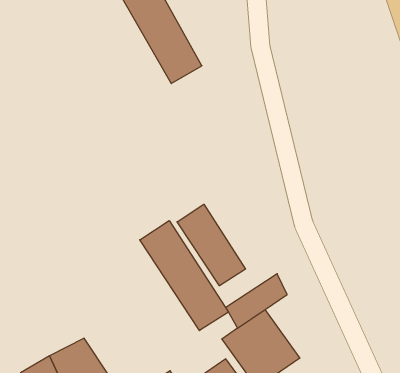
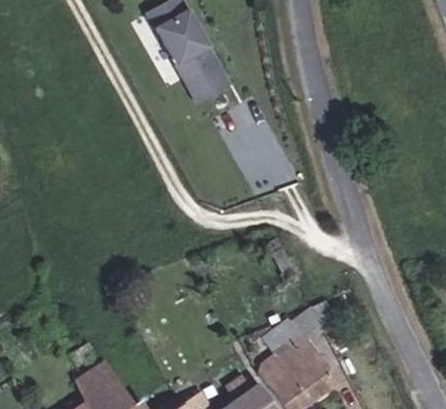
building: [177,204,246,286] -> none
building: [140,221,229,331] -> none

